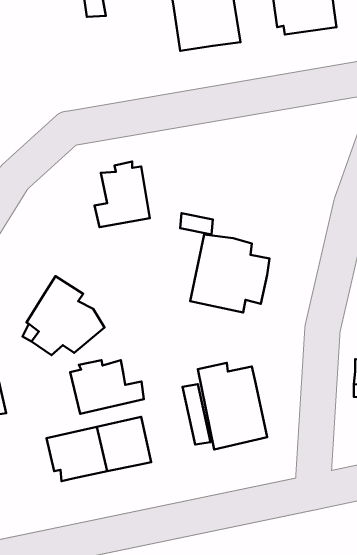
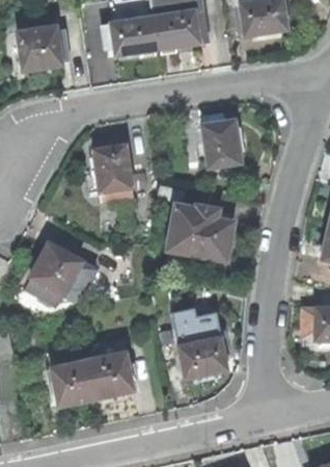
building: none -> [109,15,157,56]
building: none -> [19,26,70,71]
building: none -> [200,111,239,168]
building: [70,360,144,414] -> none

